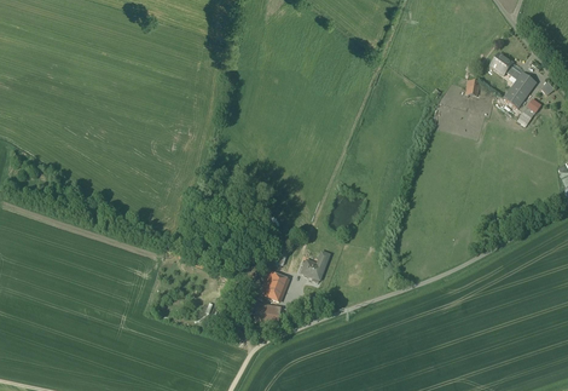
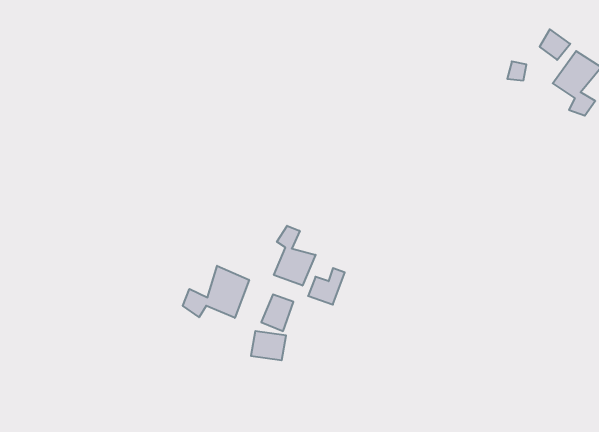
building: none -> [274,226,316,286]
building: none -> [183,266,249,318]

